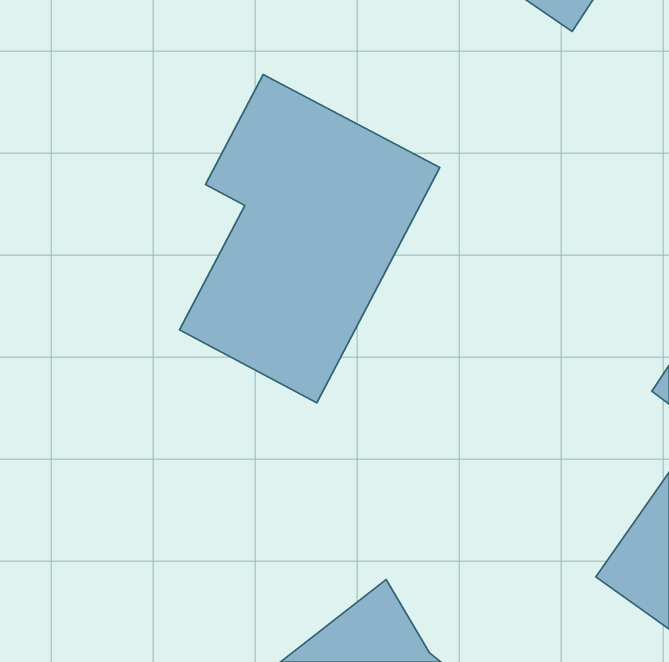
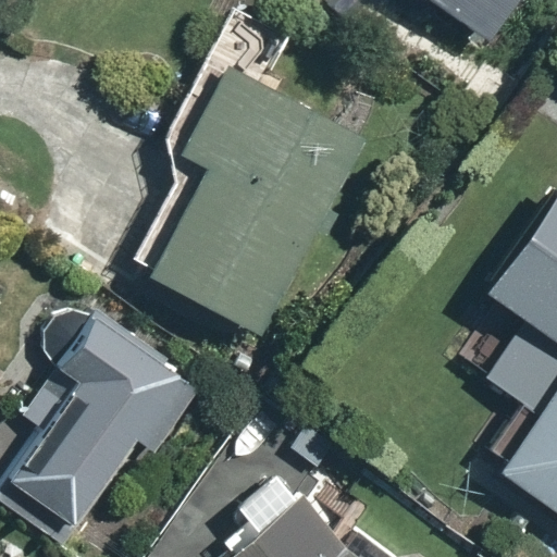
building: none -> [9,309,197,543]

